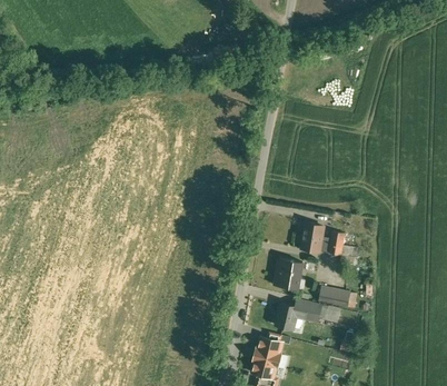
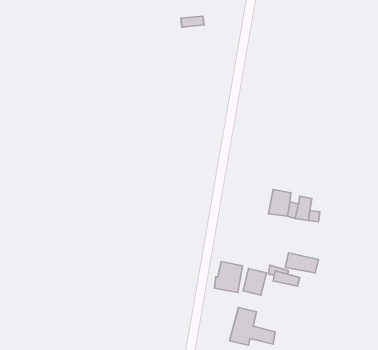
building: [272,257,300,288] -> [215,261,242,293]

